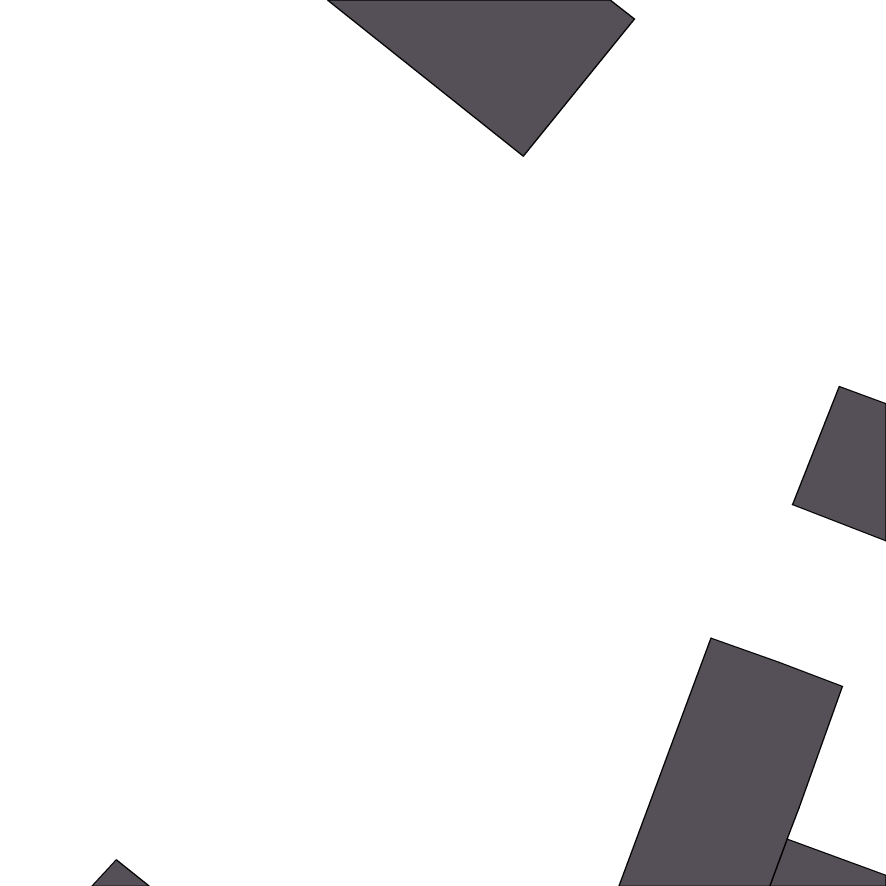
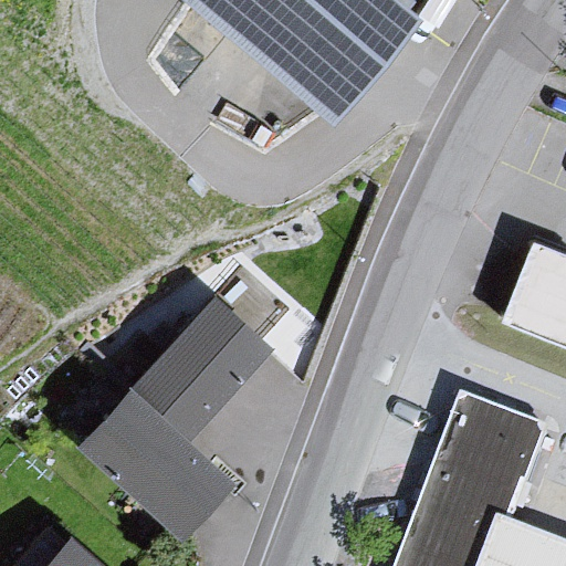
building: none -> [90,305,268,536]

